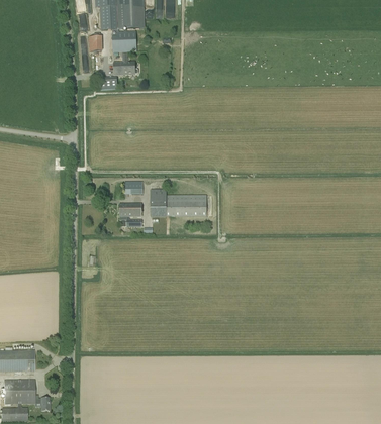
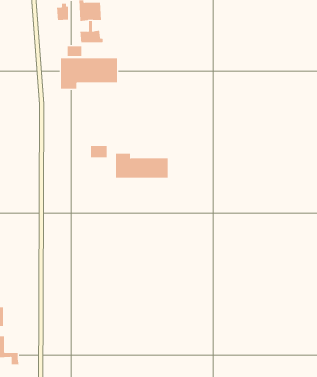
building: none -> [60,57,117,89]
building: [118,203,140,226] -> none

